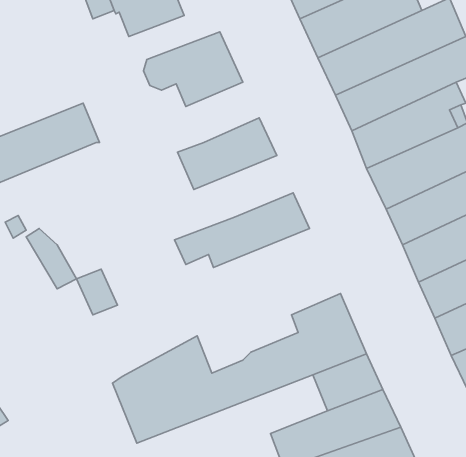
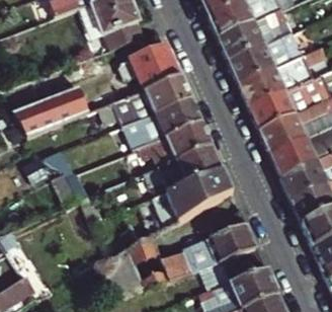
building: none -> [90,76,191,123]
building: none -> [141,122,213,160]
building: none -> [151,167,233,227]

